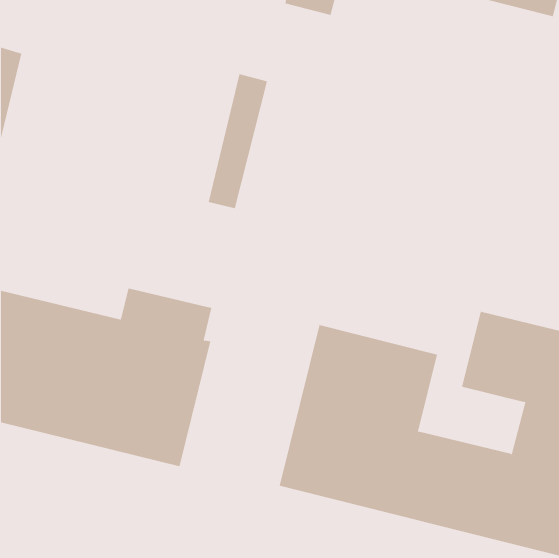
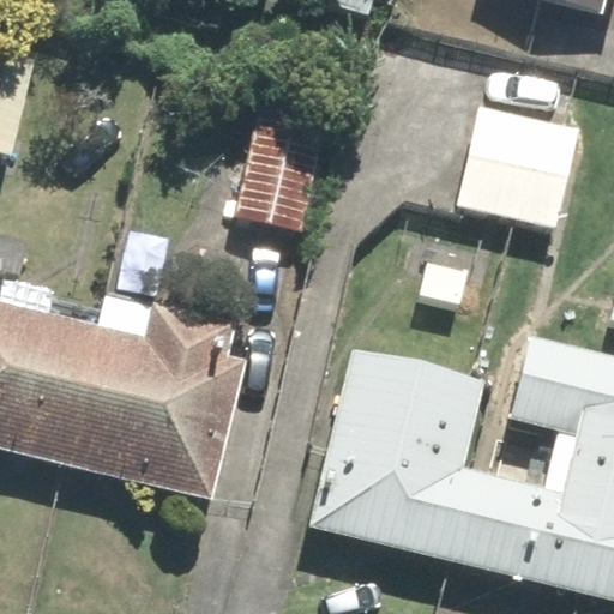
building: none -> [460,104,584,225]

